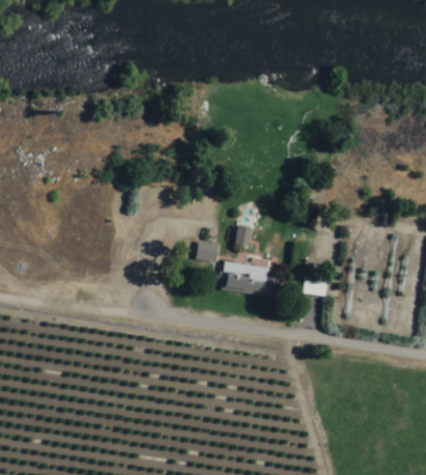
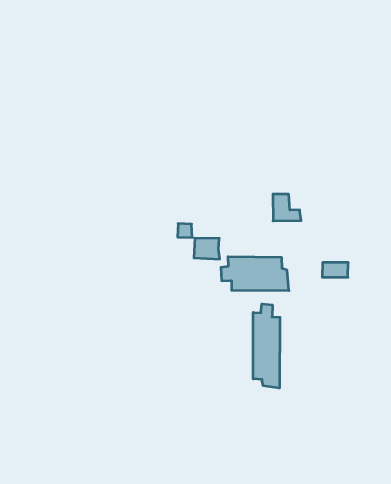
building: [234,226,258,252] -> [273,194,301,221]
building: none -> [253,304,280,388]

